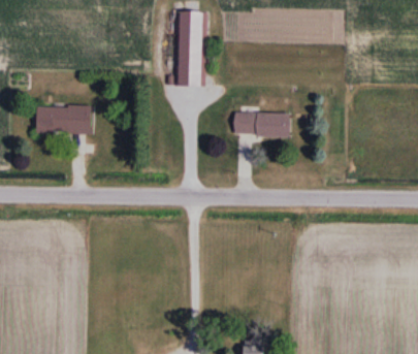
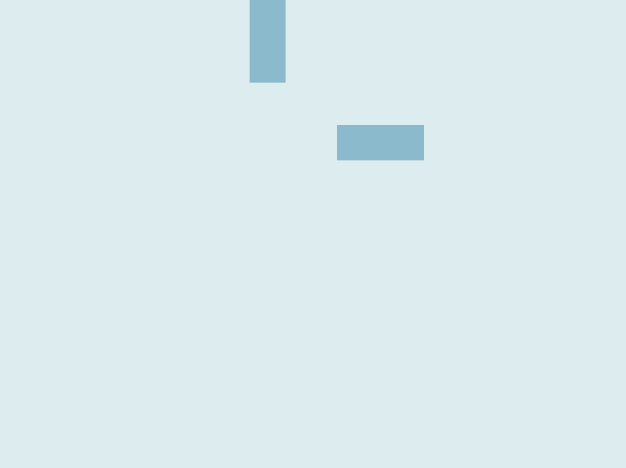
building: [37,106,91,135] -> none

